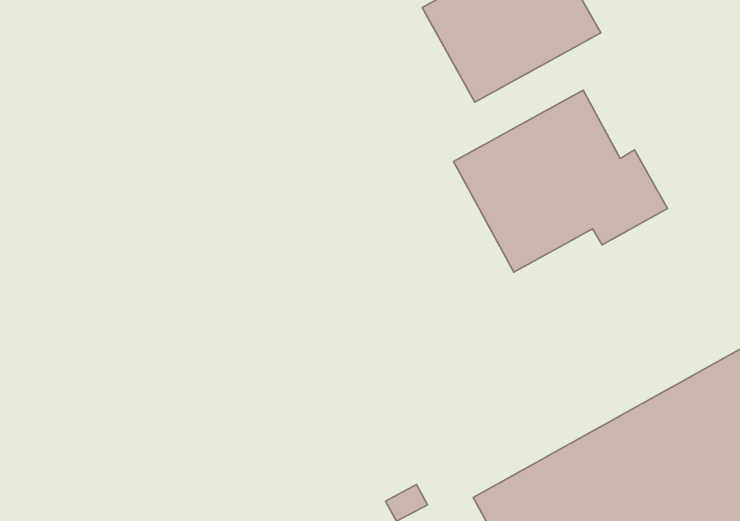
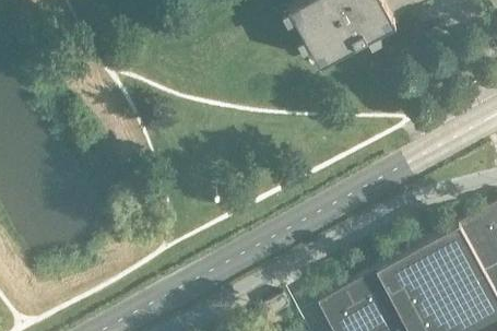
building: [453,90,668,272] -> none

